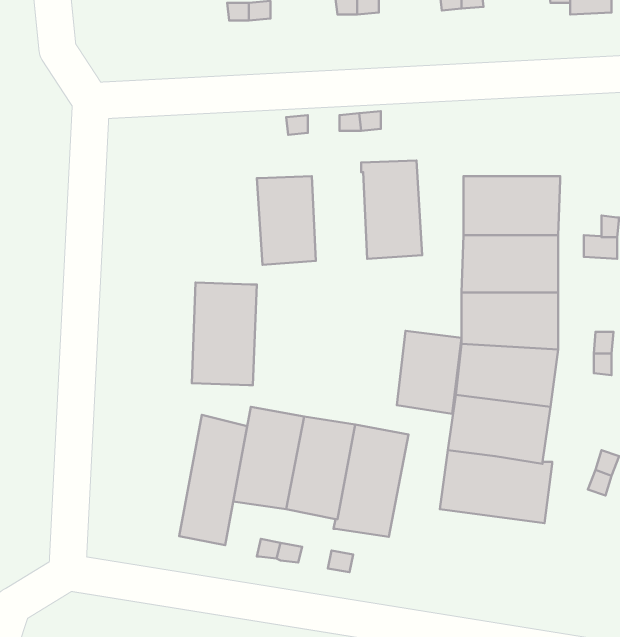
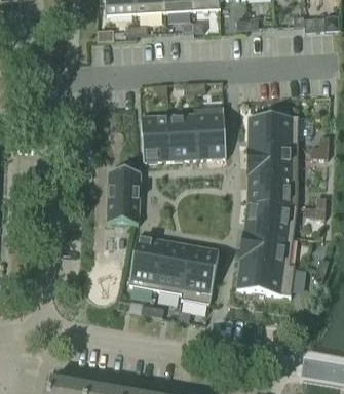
building: none -> [168,113,197,159]
building: [397,331,462,414] -> none
building: [179,415,247,545] -> none

